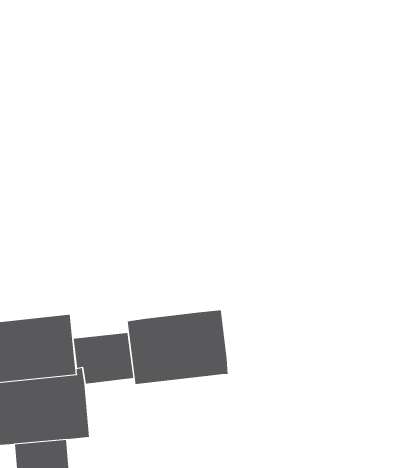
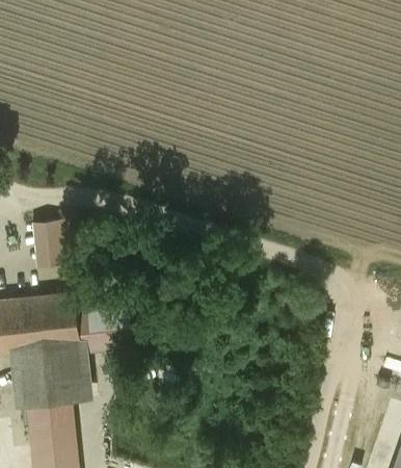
building: none -> [41,218,71,276]
building: [127,309,228,385] -> none

